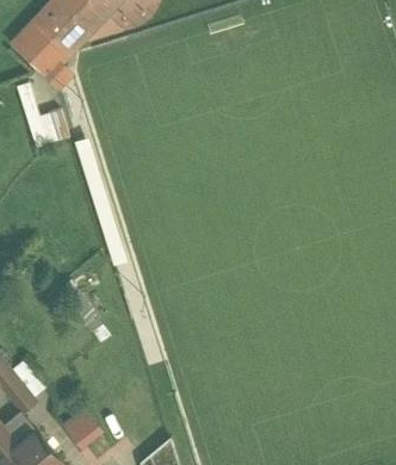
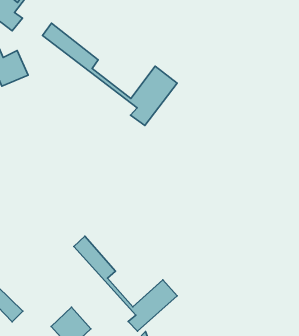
building: none -> [43,23,177,126]
building: none -> [74,236,177,331]

